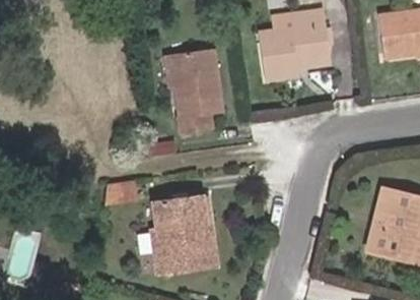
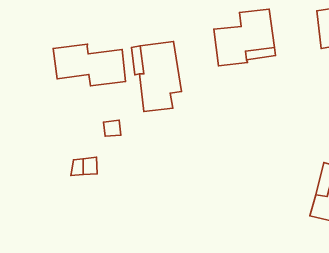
building: none -> [53,44,125,86]
building: [152,198,217,276] -> none

